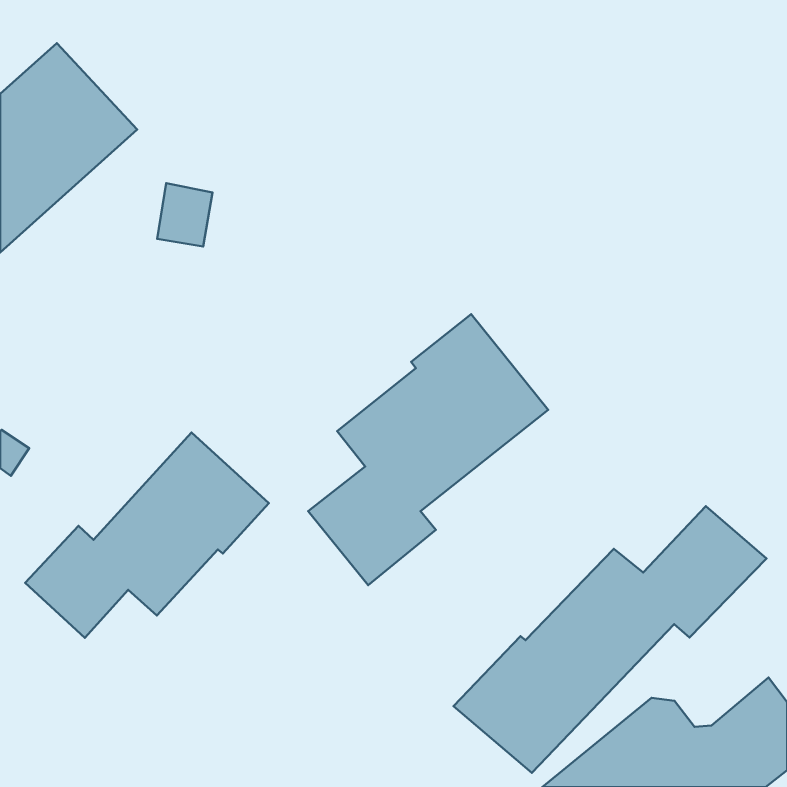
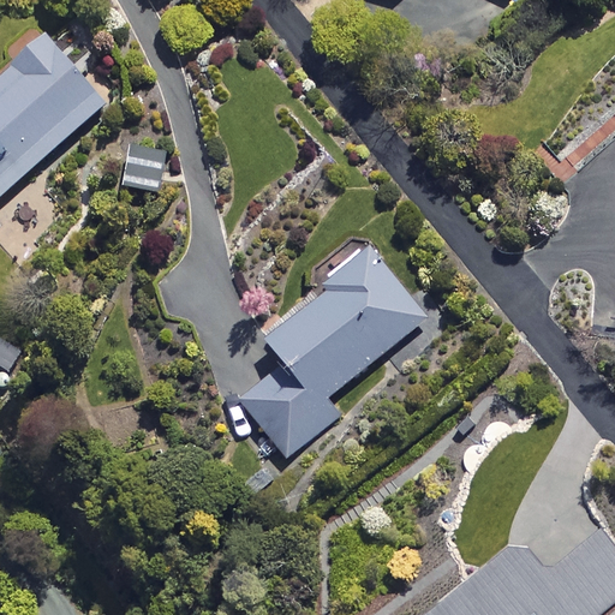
building: [25,432,269,638] -> none
building: [453,506,767,773] -> none

